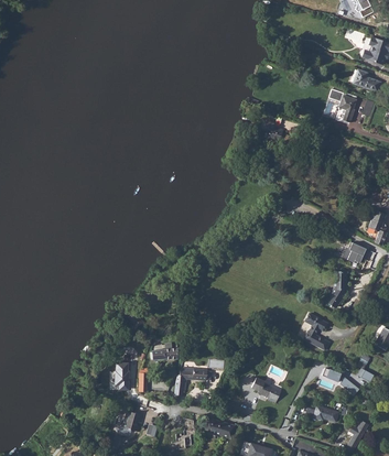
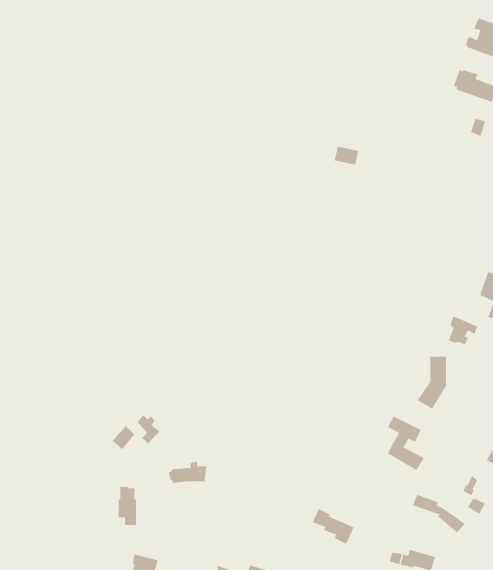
building: [328,89,356,123] -> none
building: [174,367,207,395] -> none

